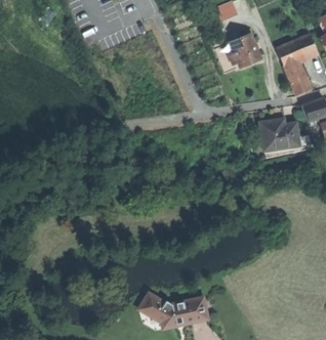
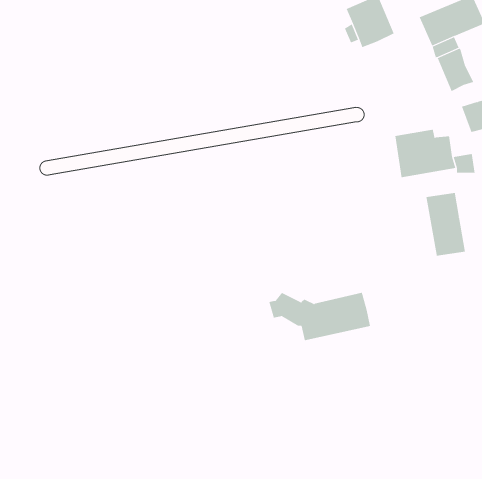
building: none -> [426,192,466,257]
building: [144,296,208,327] -> [268,292,371,341]

